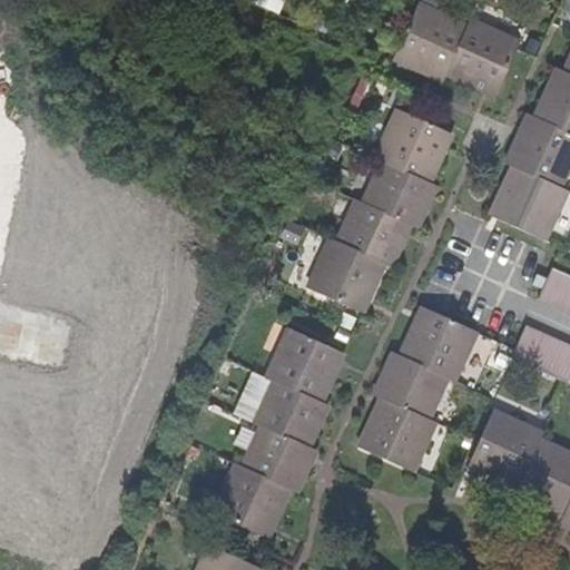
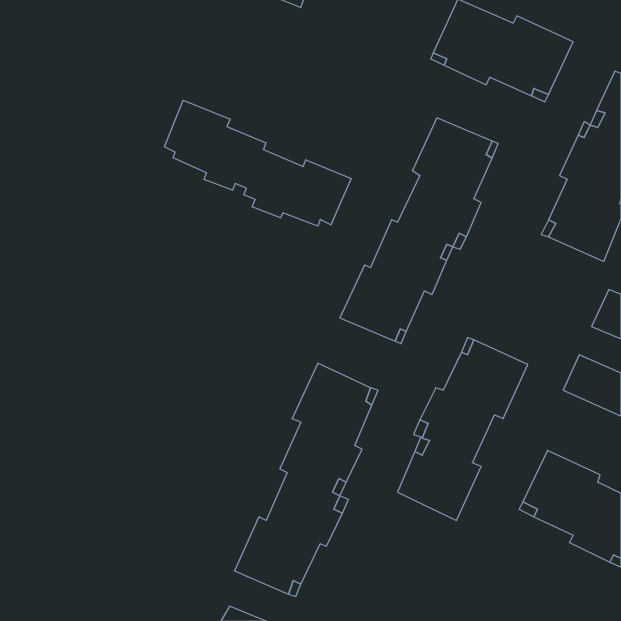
building: none -> [164,100,351,226]

